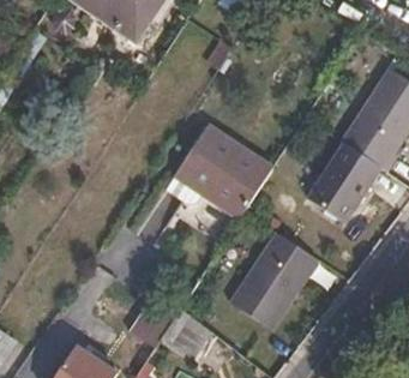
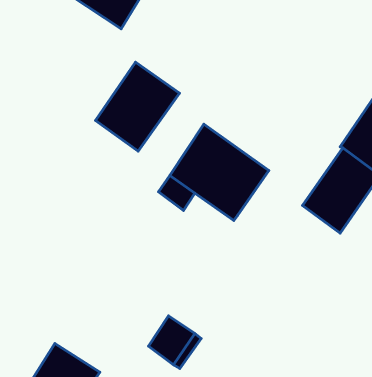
building: none -> [96,62,180,151]
building: [230,234,320,334] -> none

